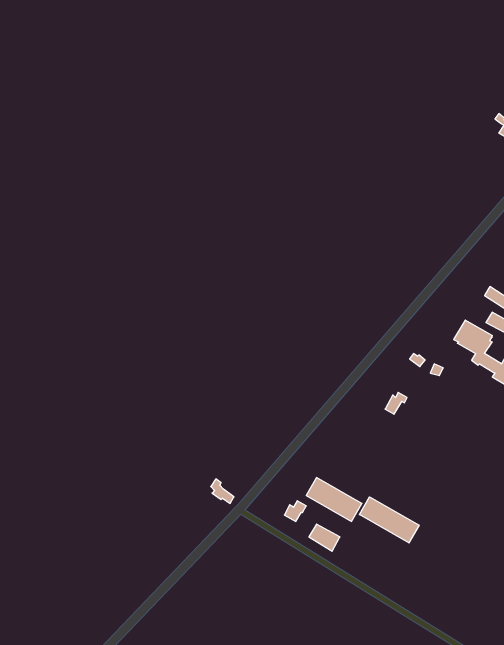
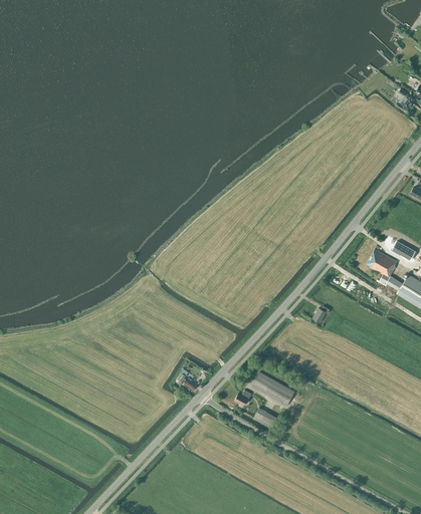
building: [359,497,419,543] -> none

